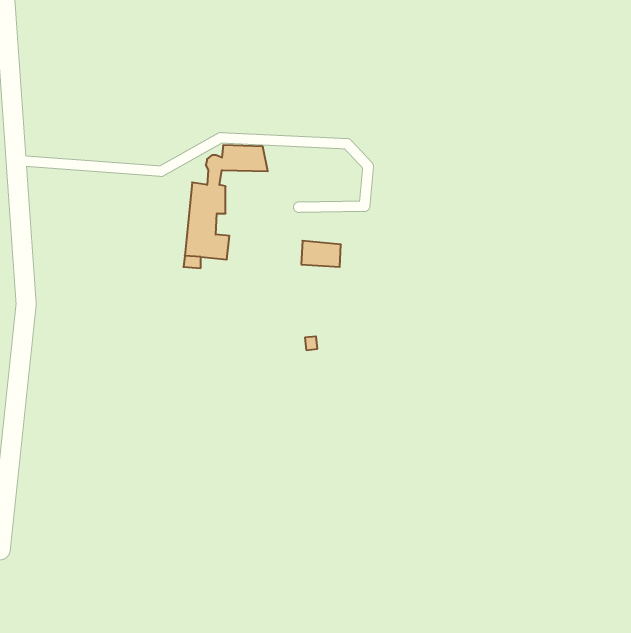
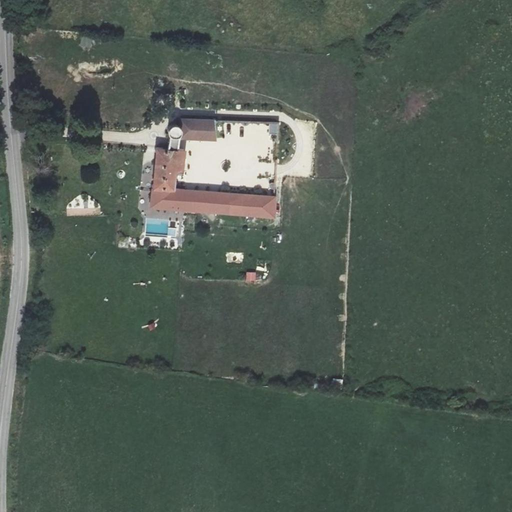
building: none -> [185,191,246,214]

